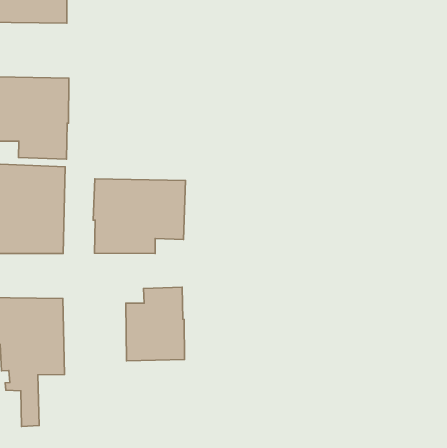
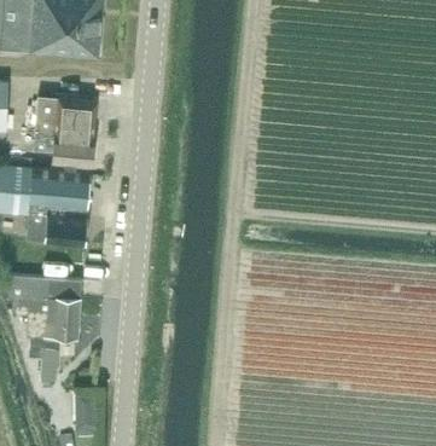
building: [93,179,186,254] -> none
building: [126,287,184,361] -> none

